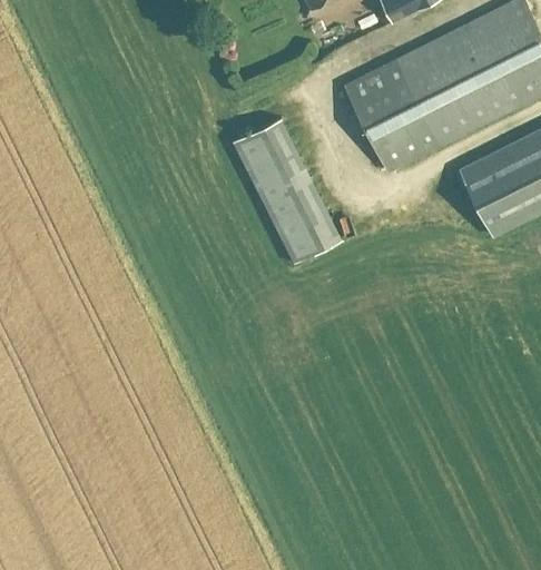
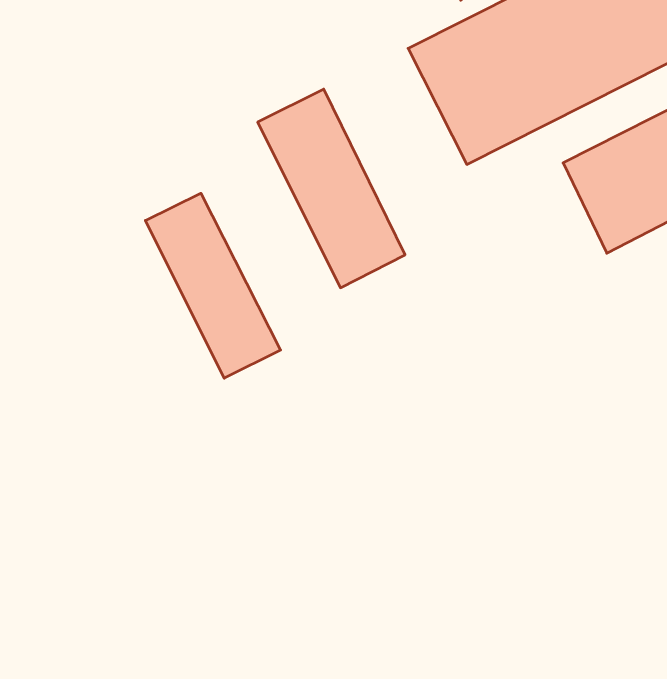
building: none -> [145,193,281,378]

